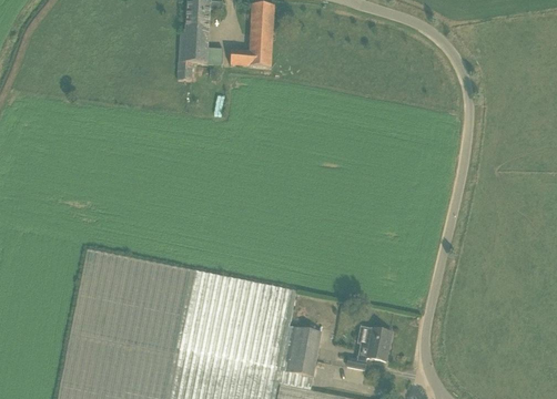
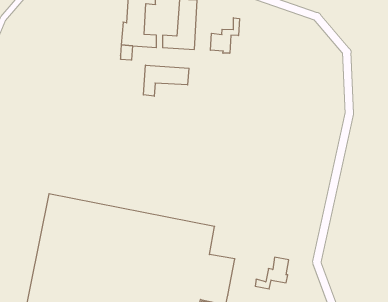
building: none -> [210,18,239,53]
building: none -> [143,65,189,96]

